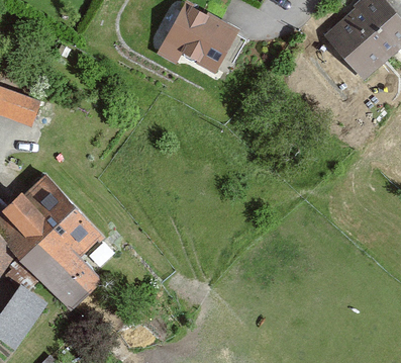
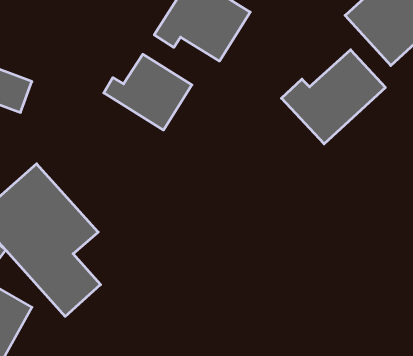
building: none -> [281,50,385,144]
building: none -> [104,54,192,130]

